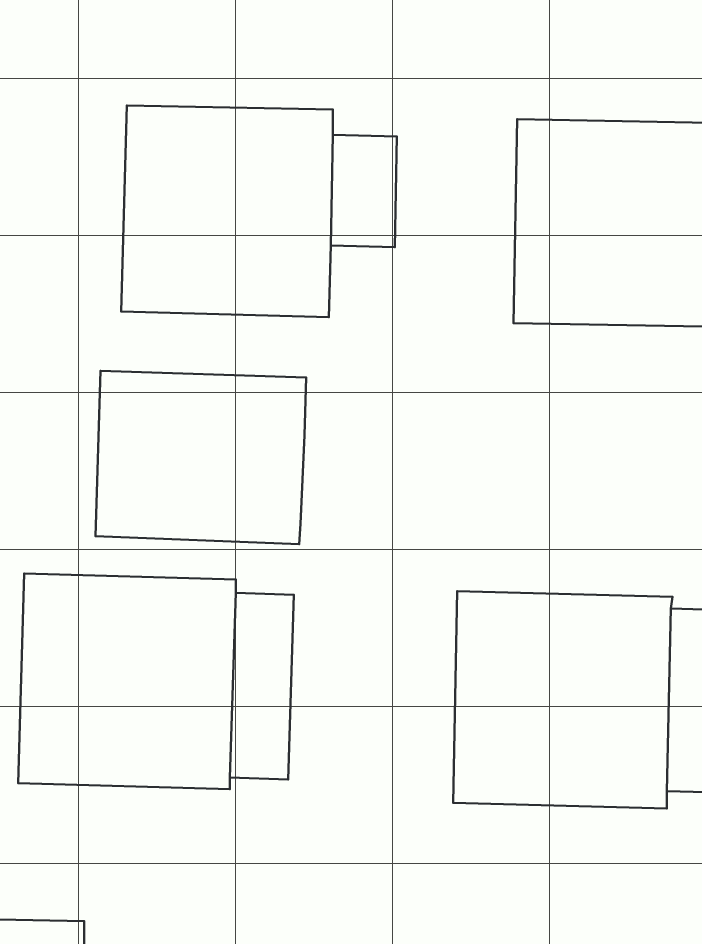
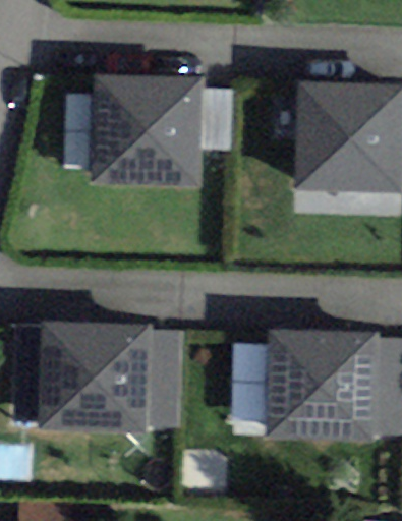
building: [95,371,306,544] -> none

